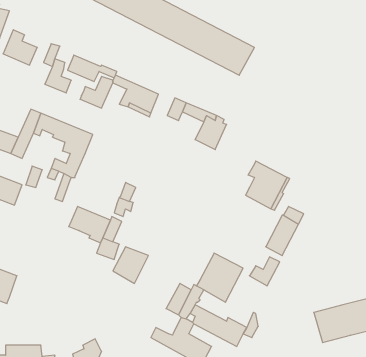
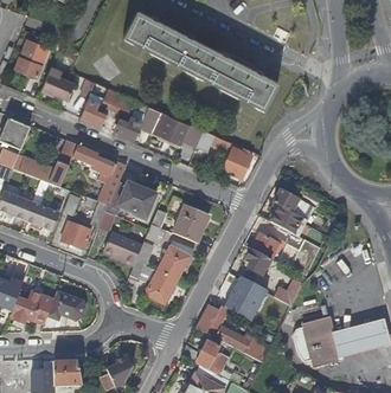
building: none -> [109,182,155,218]
building: none -> [173,206,206,243]
building: none -> [60,218,91,250]
building: none -> [245,233,280,275]
building: none -> [156,241,193,278]
building: none -> [47,291,85,322]
building: none -> [291,316,341,367]

